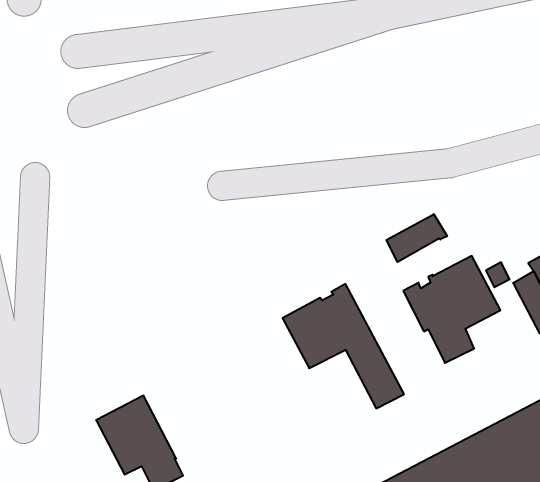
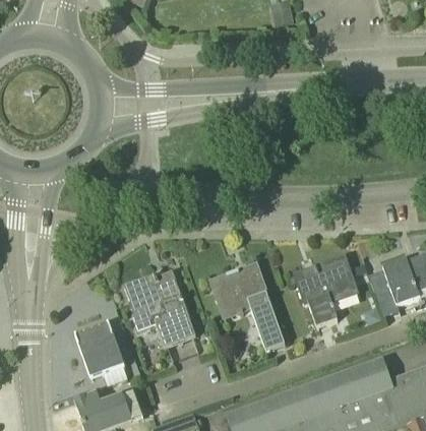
building: [386,214,447,262] -> none
building: none -> [125,271,195,346]

